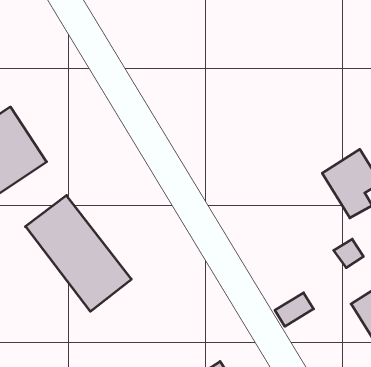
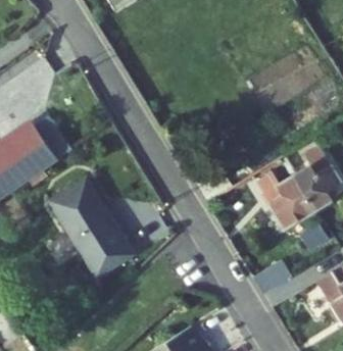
building: none -> [250,167,309,224]

